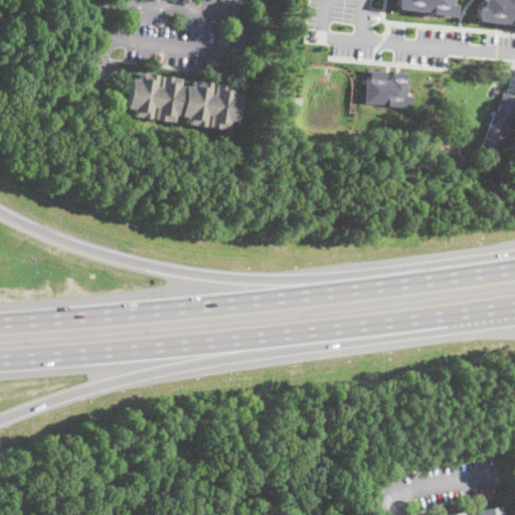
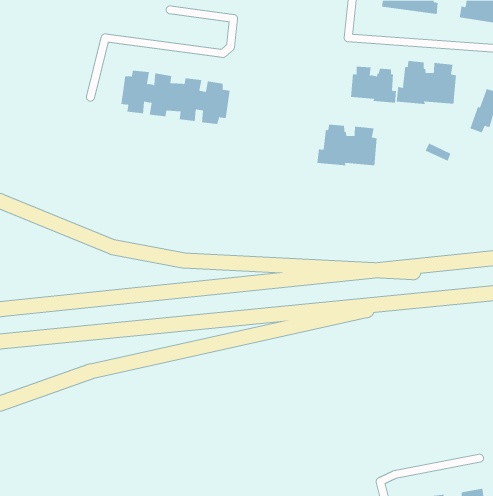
building: none -> [396,60,456,105]
building: none -> [317,124,377,166]

